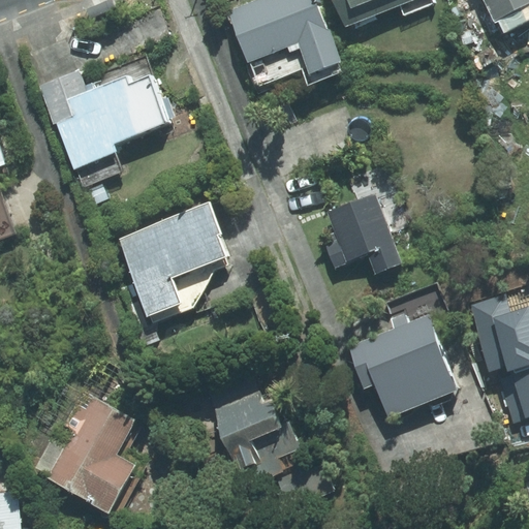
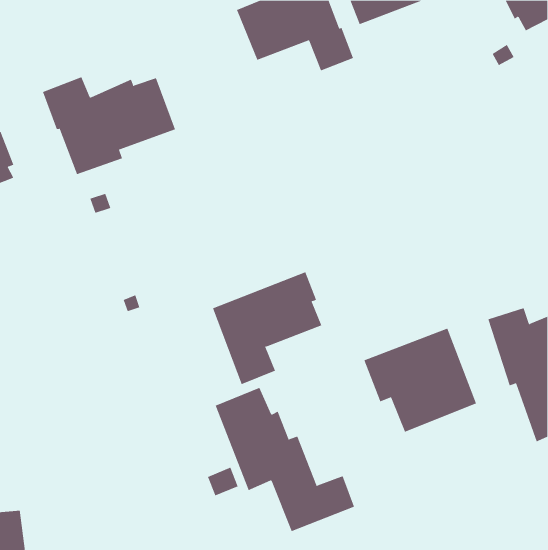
building: [322,193,399,273] -> none
building: [120,206,225,314] -> [212,272,322,385]
building: [54,396,149,515] -> none

